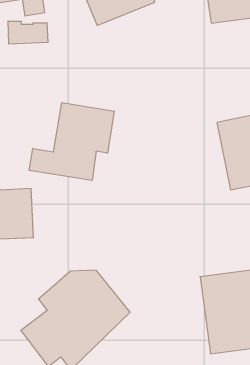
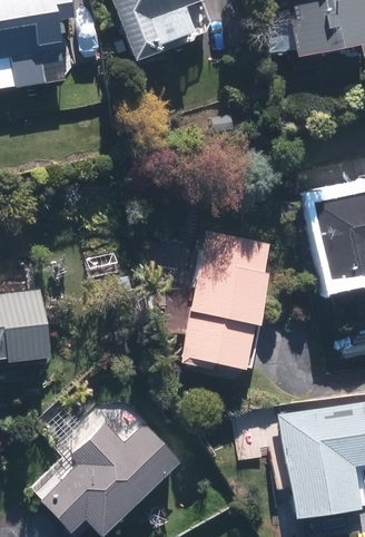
building: [29,103,114,180] -> none
building: none -> [182,230,273,371]

